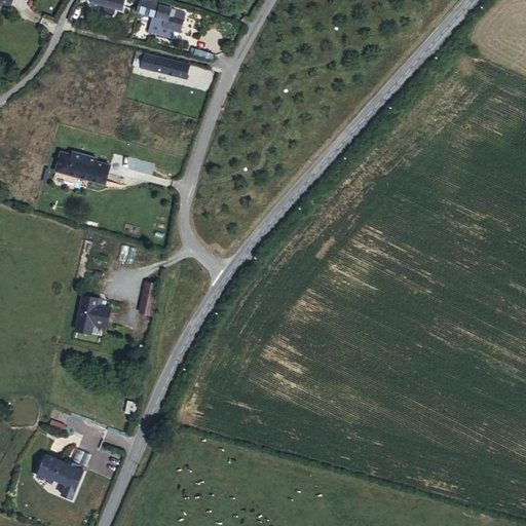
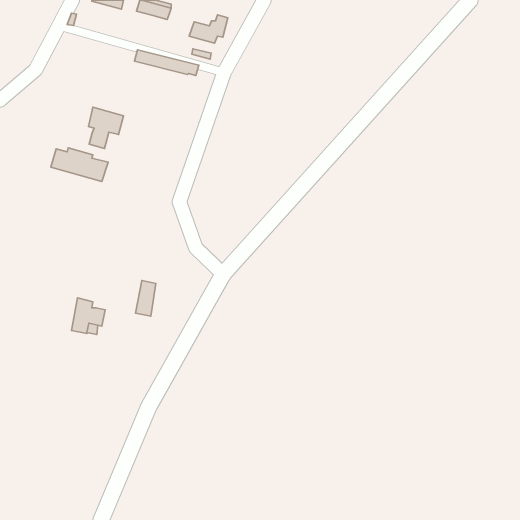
building: [149,9,188,38] -> [189,15,228,43]
building: none -> [89,107,123,149]
building: [36,456,82,499] -> none

